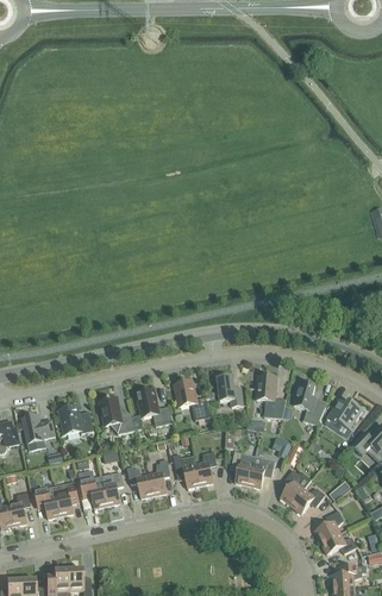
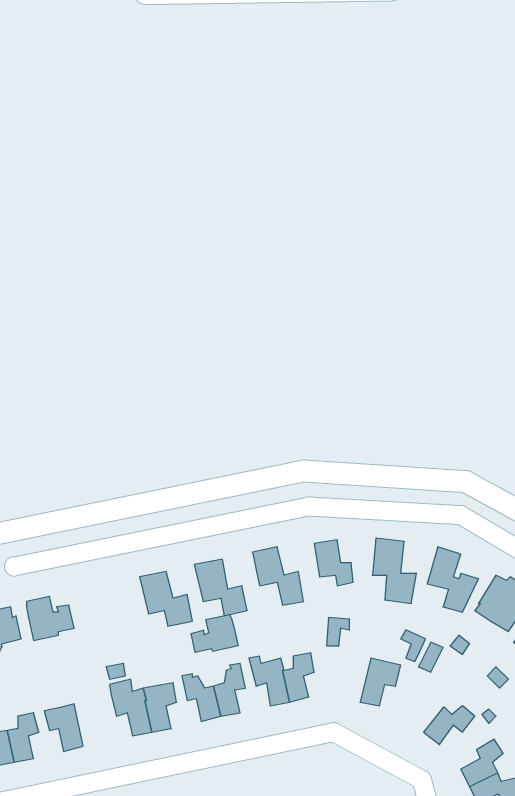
building: [55,404,93,434] -> none
building: none -> [191,615,238,652]
building: [230,451,253,484] -> none
building: [280,469,311,504] -> none
building: [54,481,77,514] -> none

